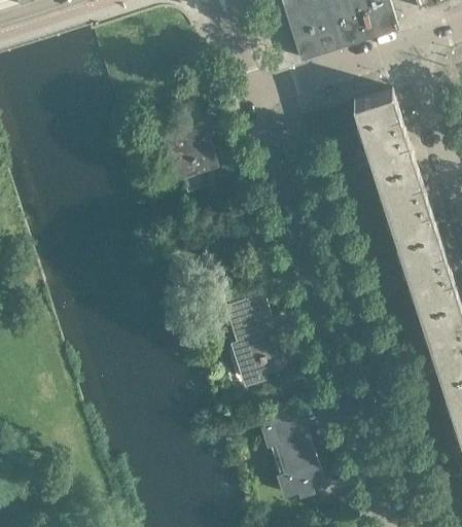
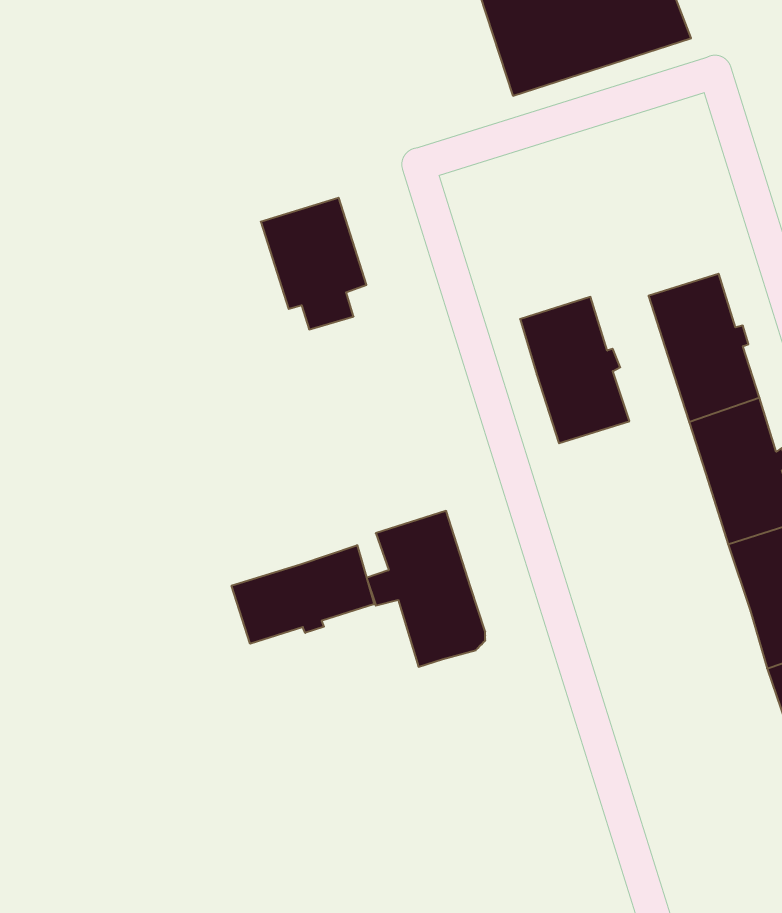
building: [352,92,413,173] -> [520,297,629,443]
building: none -> [232,545,374,644]
building: [260,410,323,497] -> none

